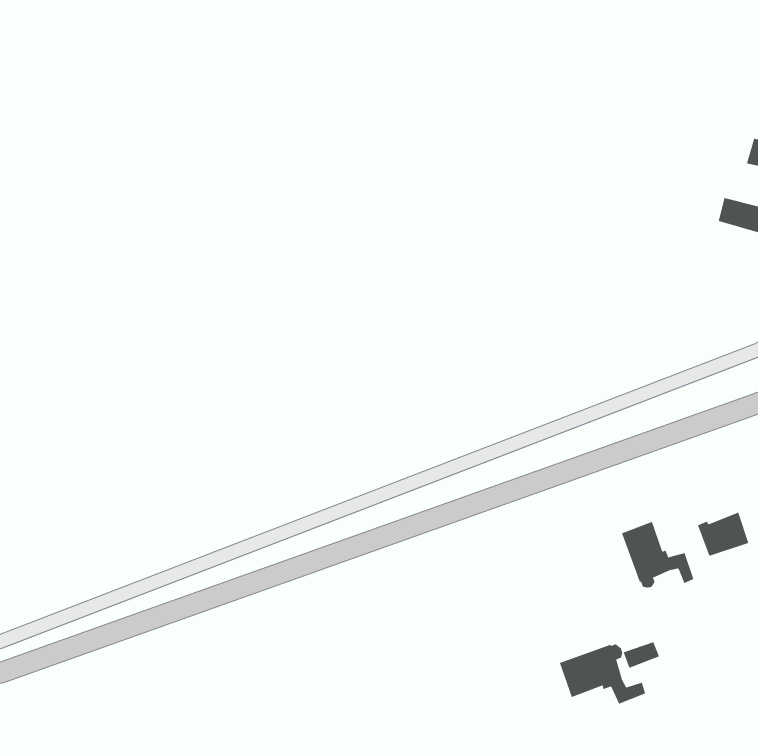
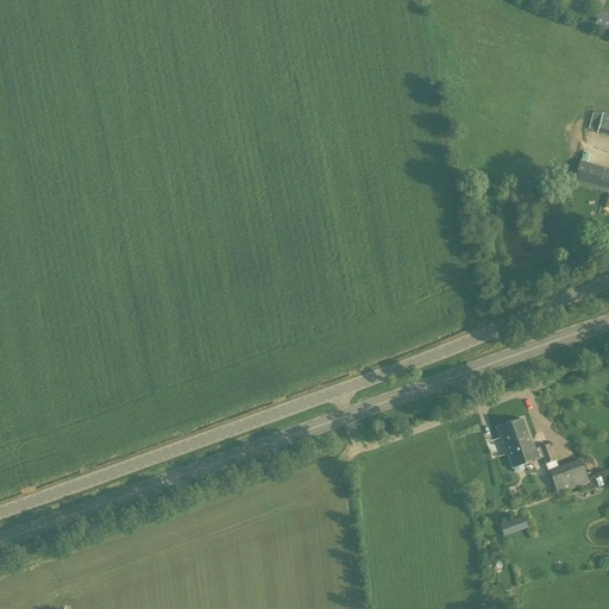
building: [697,512,749,556] -> [548,457,590,492]
building: [559,644,646,705] -> none

